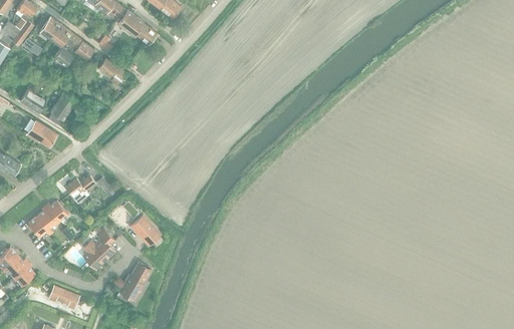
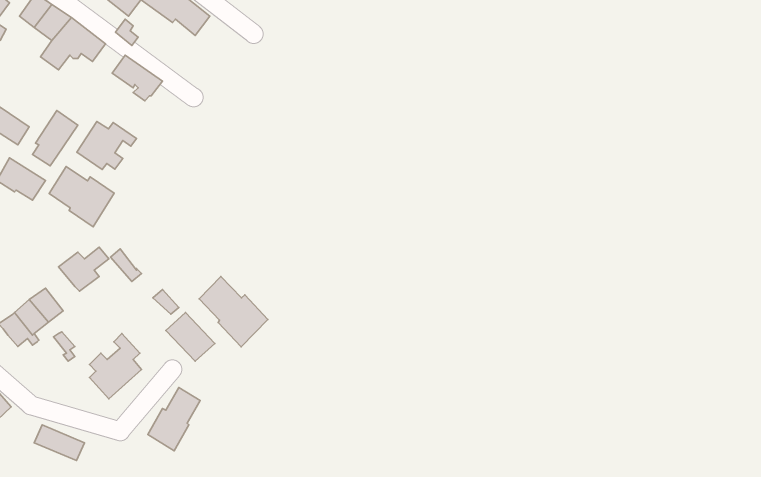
building: none -> [77,122,137,170]
building: none -> [49,167,114,227]
building: none -> [199,277,268,347]

